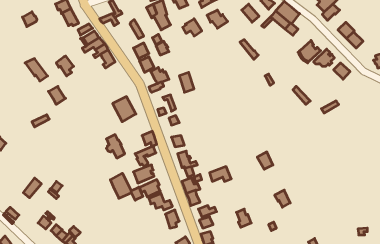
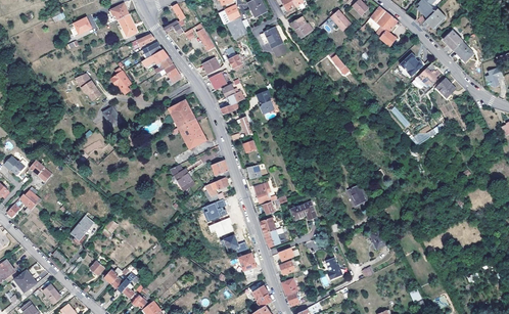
building: none -> [168,100,193,127]
building: [110,173,143,200] -> none

